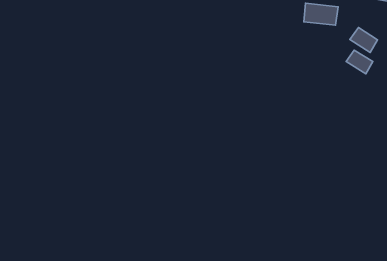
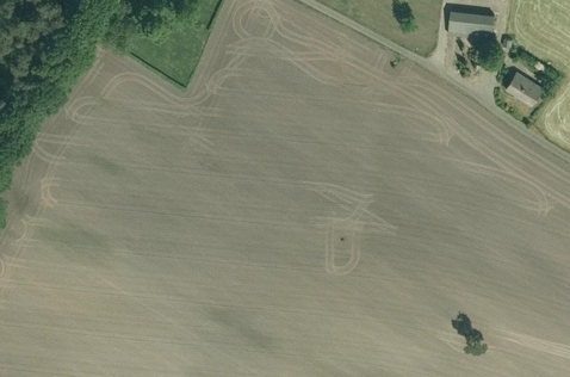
building: [350,27,378,52] -> none

